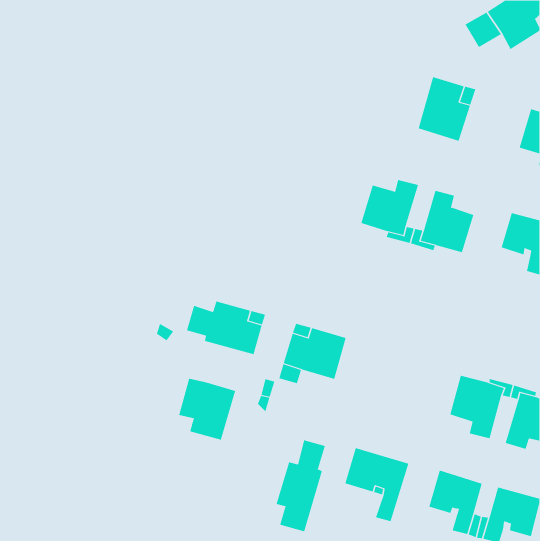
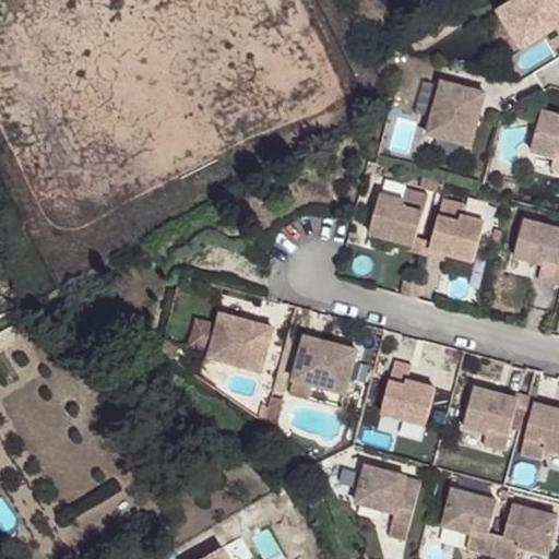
building: none -> [380,360,435,426]
building: [179,378,236,441] -> none
building: [276,440,325,532] -> none

